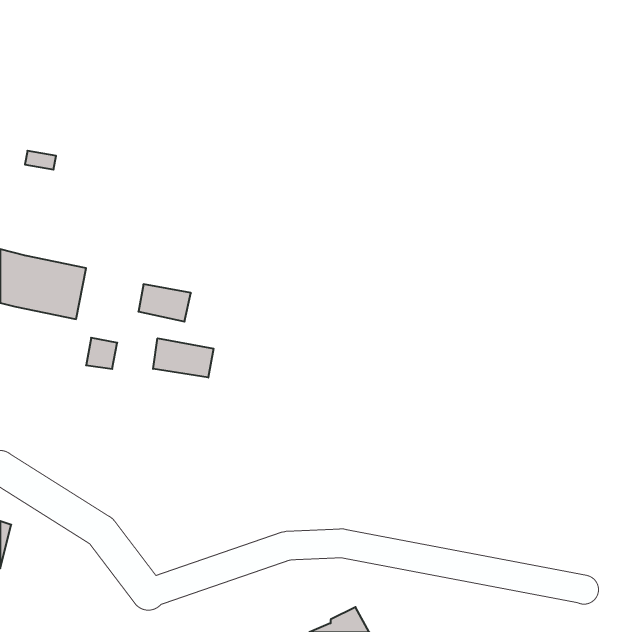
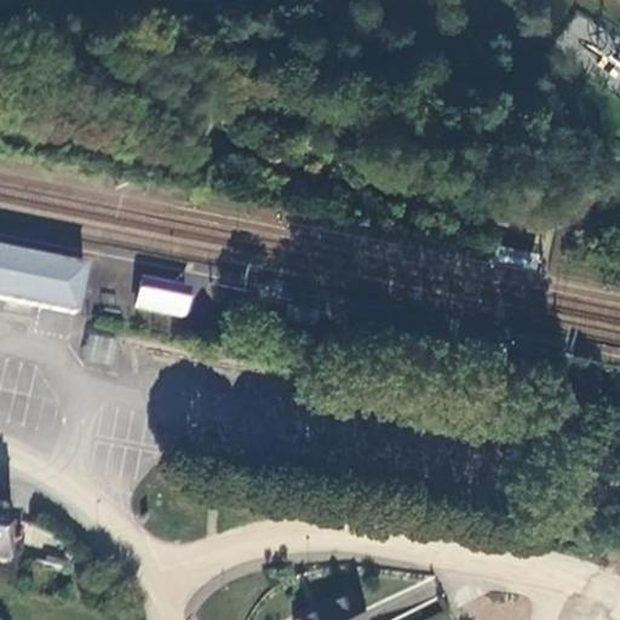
building: [153,338,214,378] -> none

